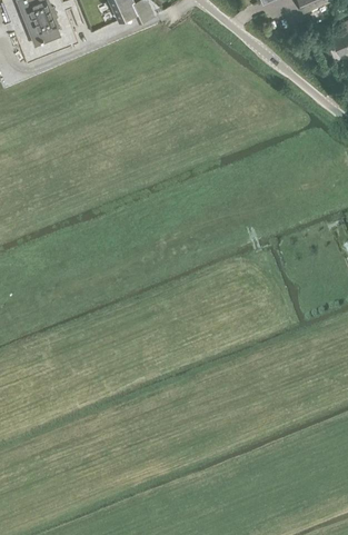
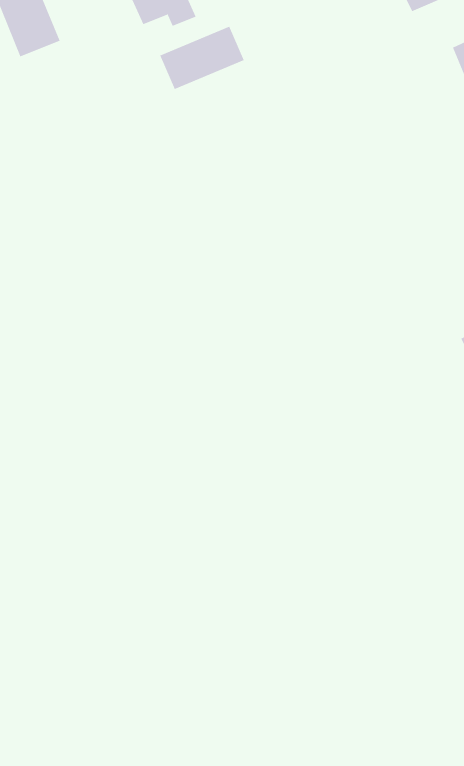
building: none -> [159,26,245,90]

